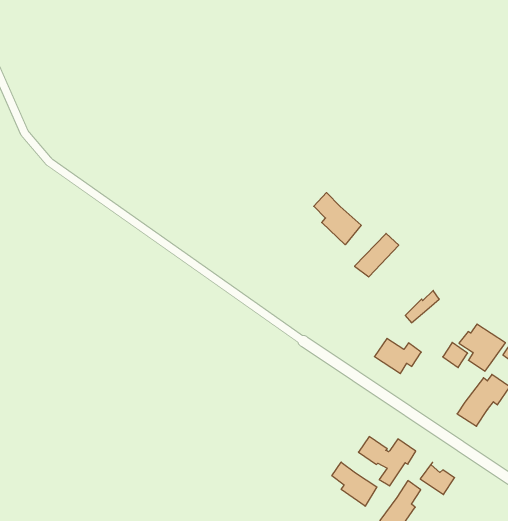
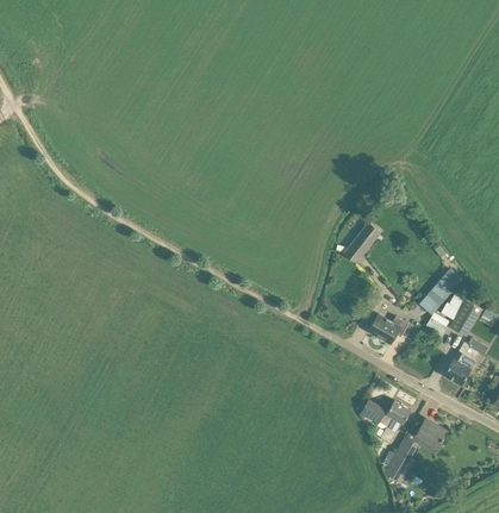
building: [314,193,361,245] -> none
building: none -> [425,267,462,305]
building: [332,462,377,506] -> none

